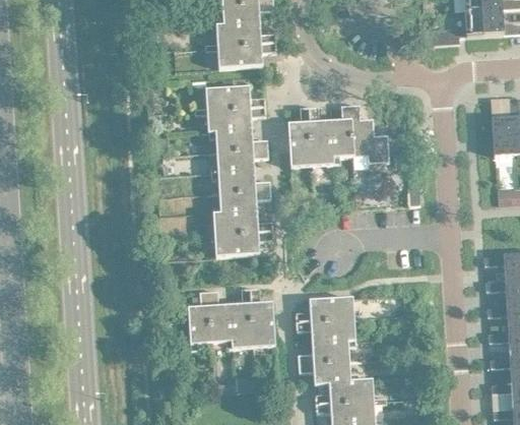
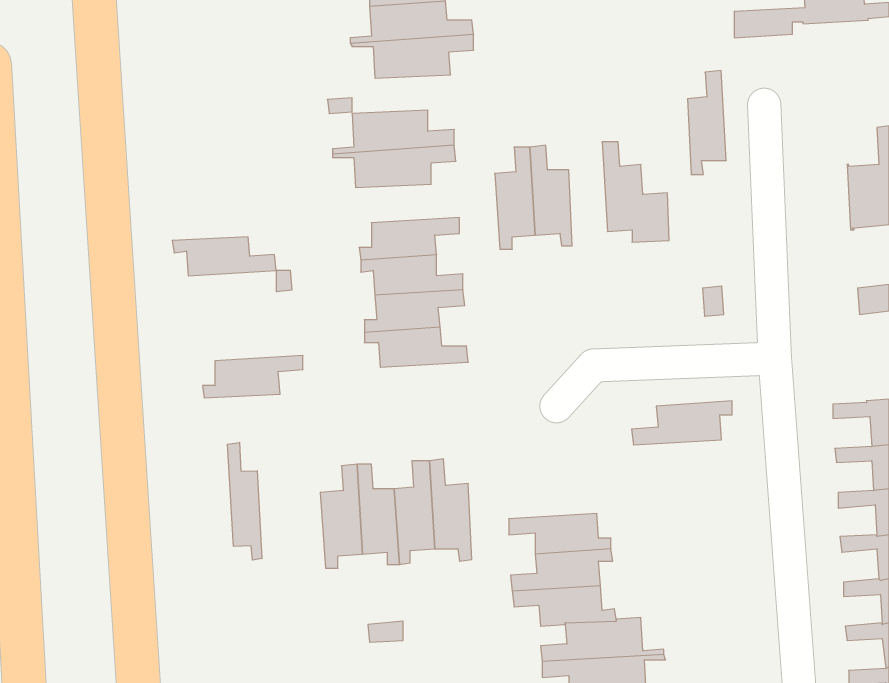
building: [331,105,353,165] -> [688,71,726,174]
building: [208,129,268,151] -> [172,237,276,276]
building: [215,232,273,256] -> [203,356,303,398]
building: none -> [227,442,262,560]
building: [296,297,353,322] -> [632,401,732,445]

